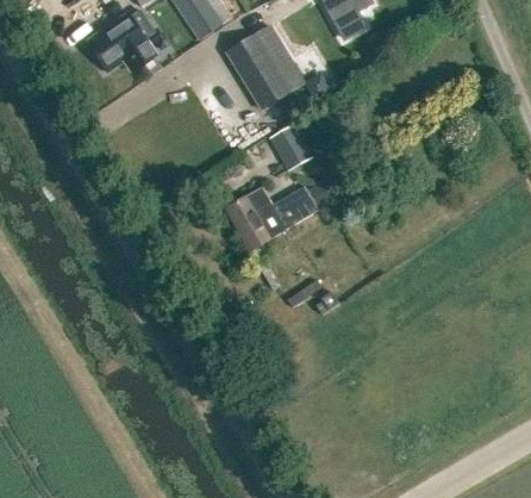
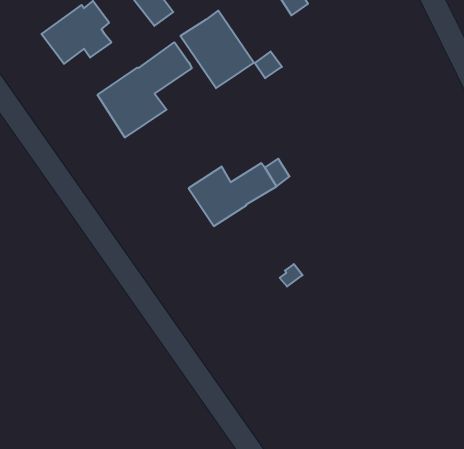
building: none -> [98,42,192,138]
building: [270,123,313,169] -> none

